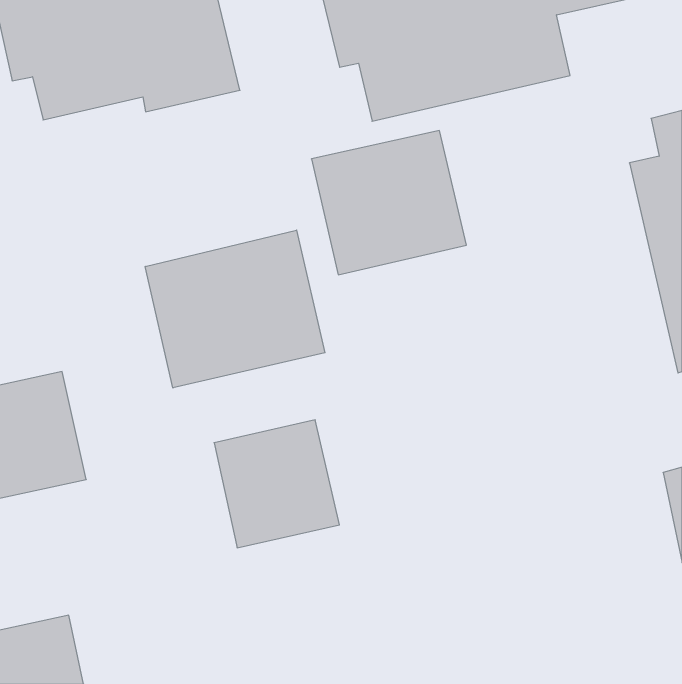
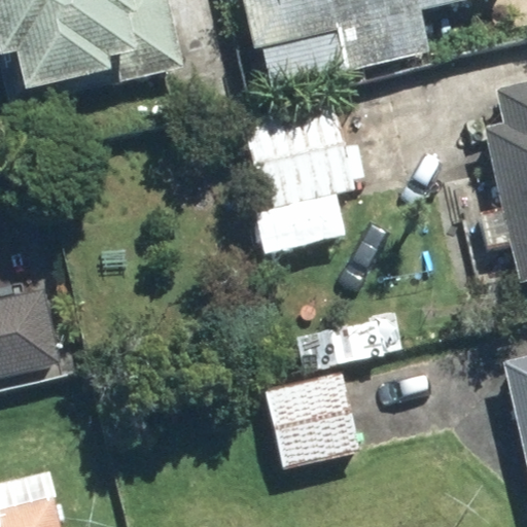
building: [145,230,325,388] -> none
building: [214,420,339,548] -> [268,373,363,470]

